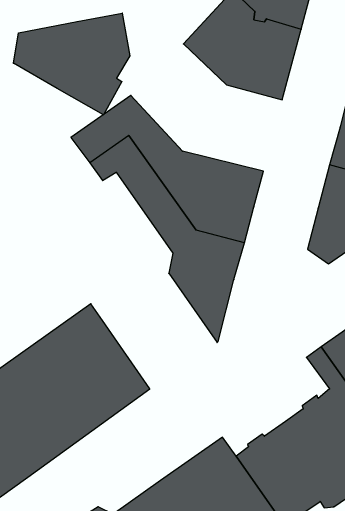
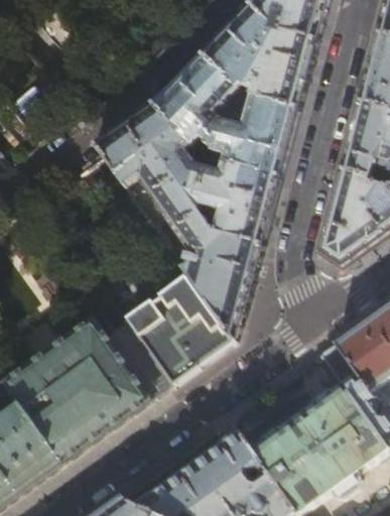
building: [13,13,130,115] -> none
building: none -> [150,54,295,176]
building: none -> [123,274,233,386]

